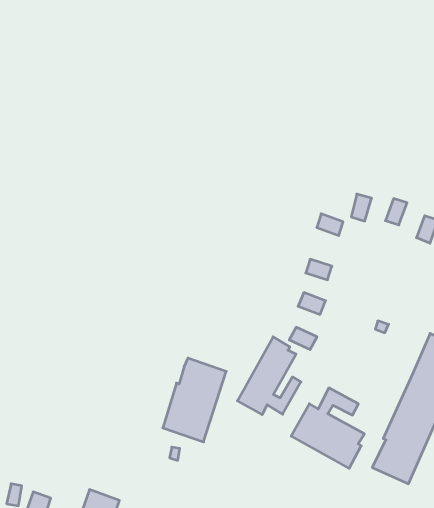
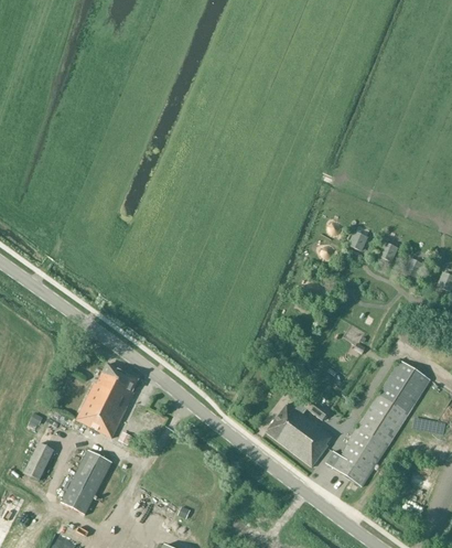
building: [237,337,301,415] -> none
building: [163,358,226,442] -> [77,363,139,437]

